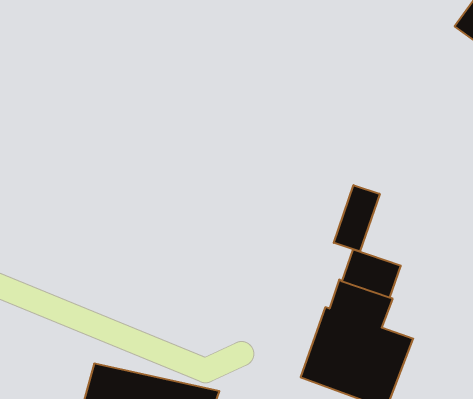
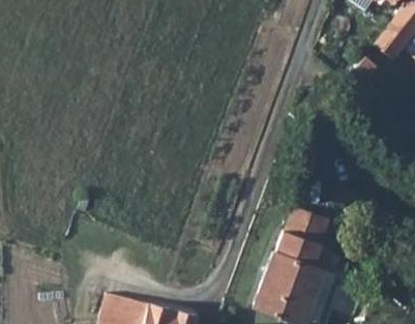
building: [334,185,380,252] -> none

